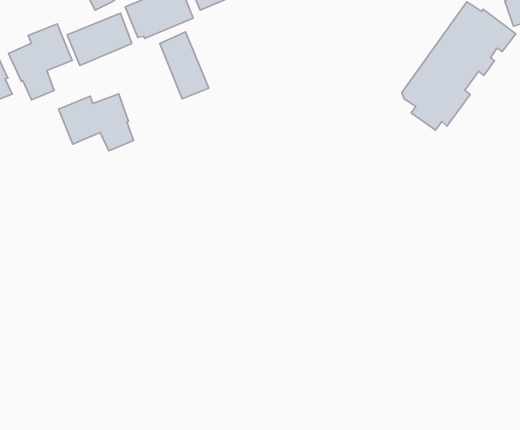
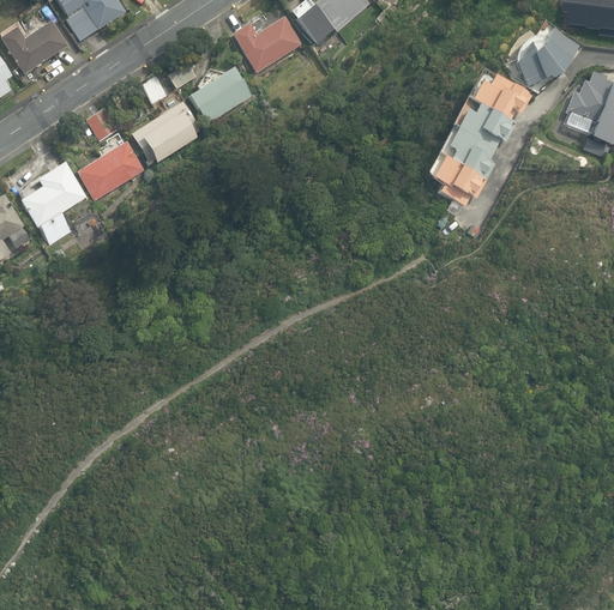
building: [160,32,209,99] -> none
building: [59,94,134,151] -> none

